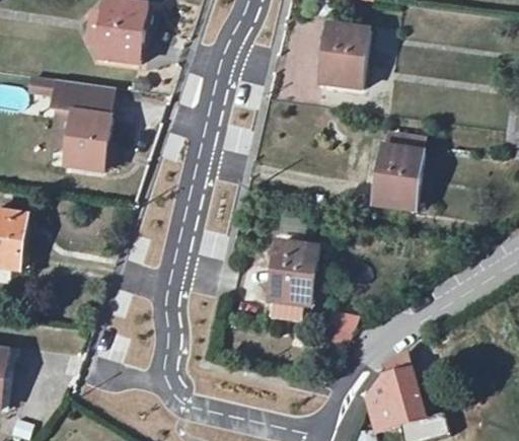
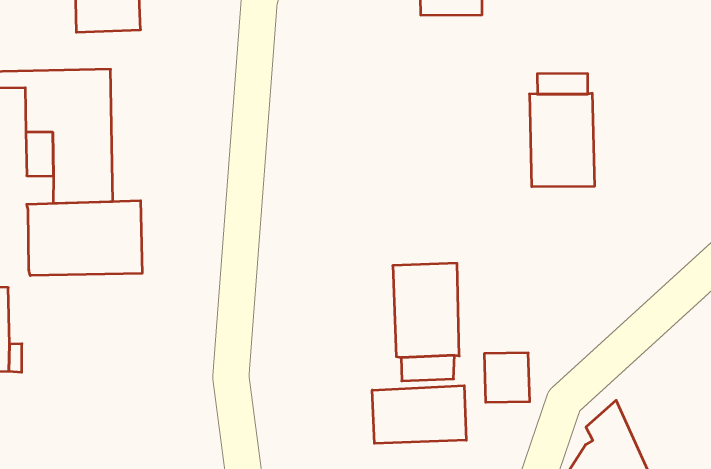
building: none -> [27,201,142,276]
building: none -> [372,386,466,443]

